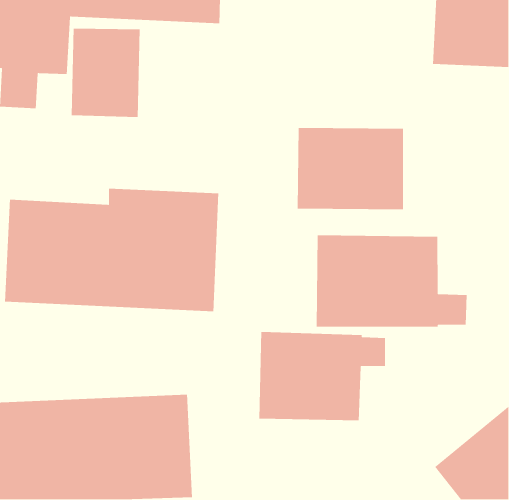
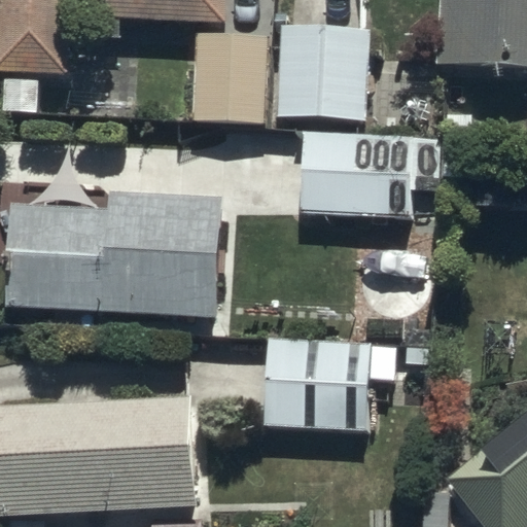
building: none -> [275,24,370,118]
building: [71,28,141,118] -> [196,32,267,124]
building: [316,235,468,328] -> none

